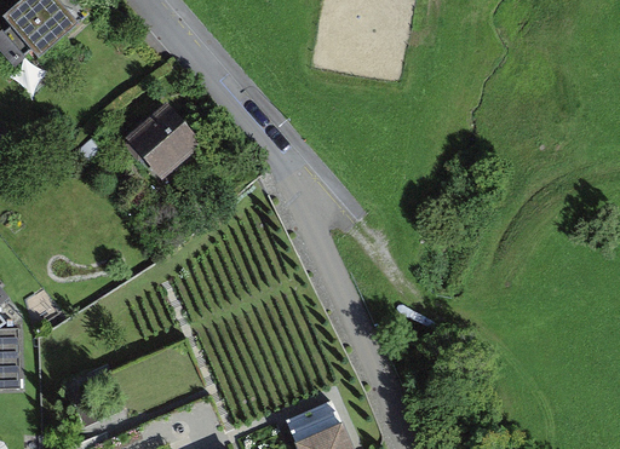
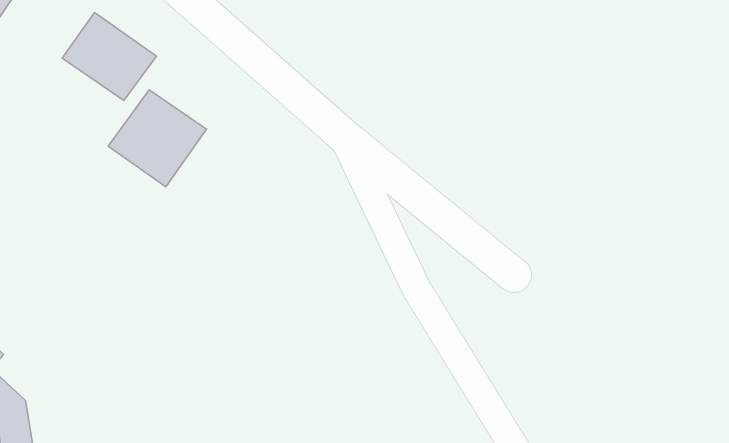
building: none -> [62,12,157,101]

